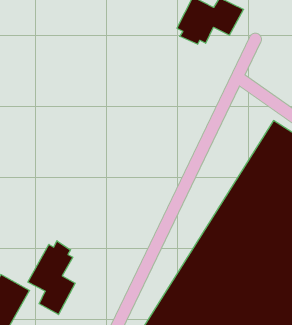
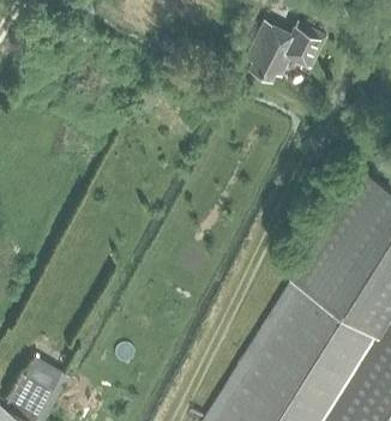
building: [28,241,75,315] -> none

